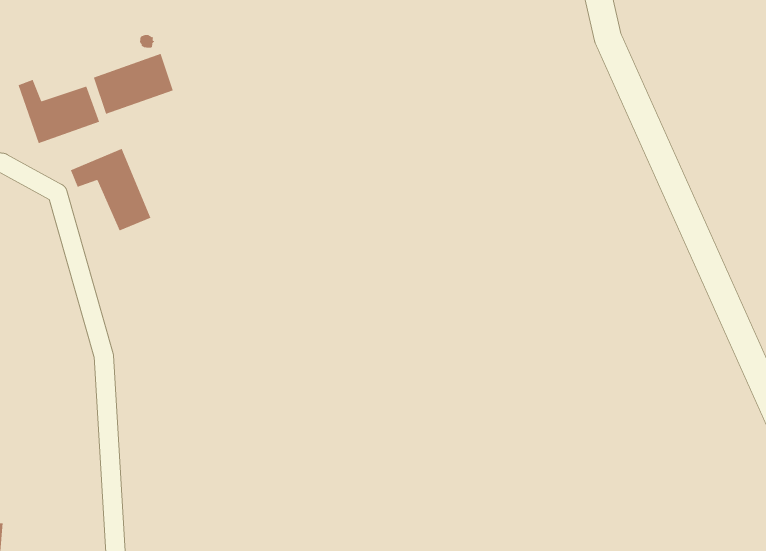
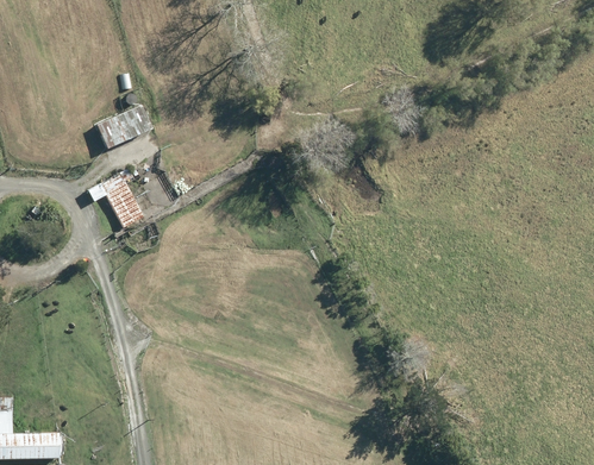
building: [17,79,100,144] -> none

